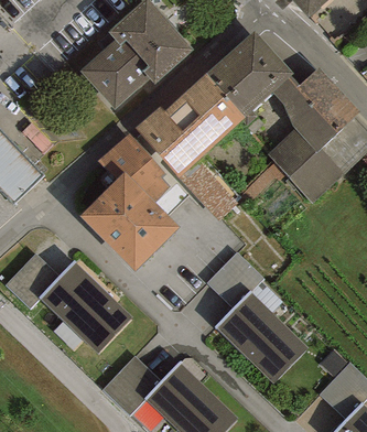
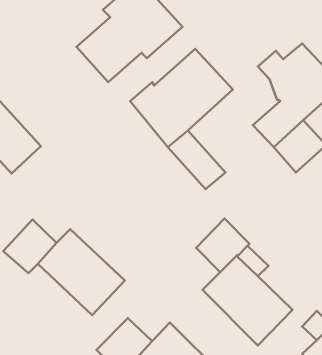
building: [206,31,293,116] -> none
building: [79,133,180,271] -> none

